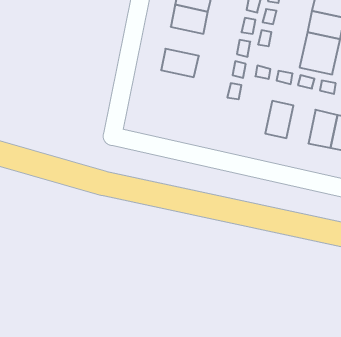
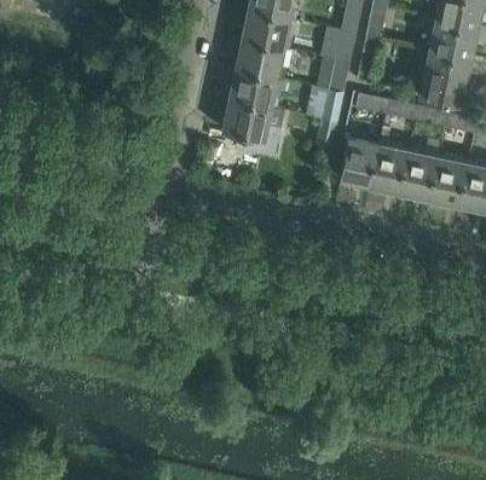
building: none -> [232,42,284,82]
building: none -> [220,102,279,156]
building: none -> [337,137,378,189]
building: none -> [398,150,438,202]

